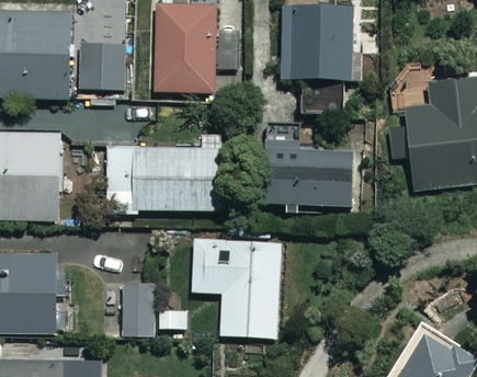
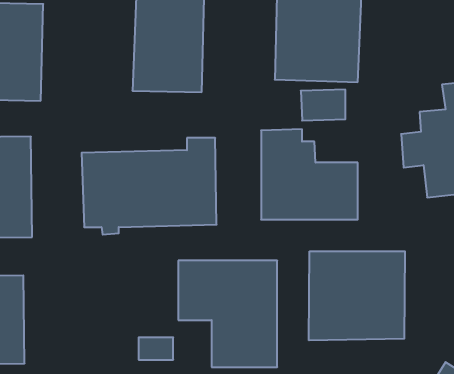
building: [77,45,125,89] -> none
building: none -> [309,251,405,340]
building: [120,283,152,334] -> none

